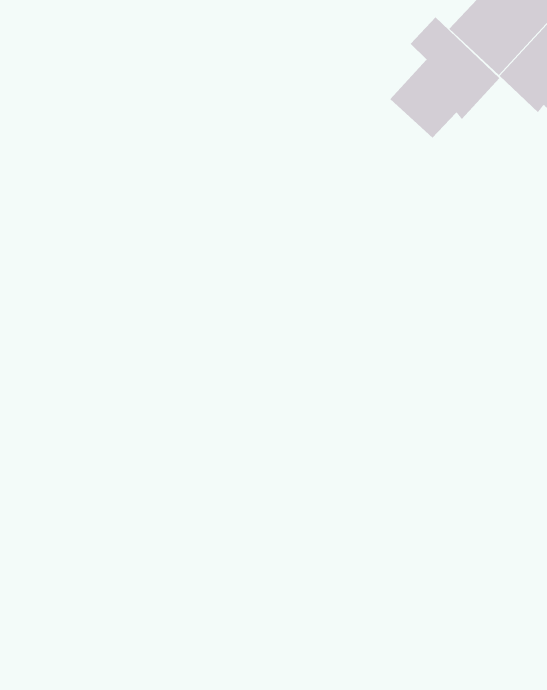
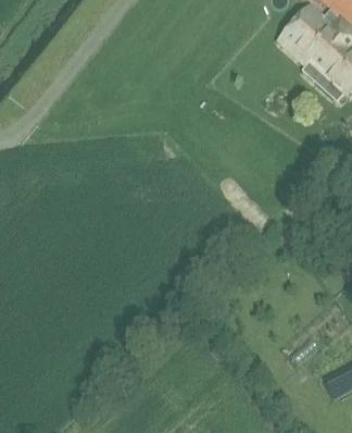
building: [389,17,500,138] -> none

